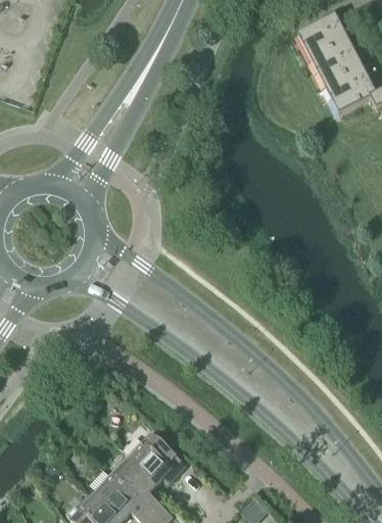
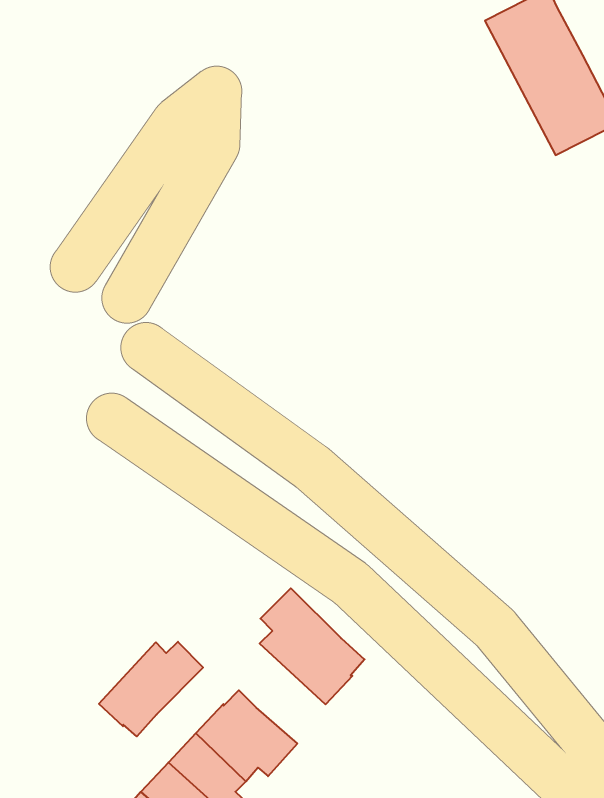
building: none -> [260,588,365,704]
building: none -> [99,642,203,736]

